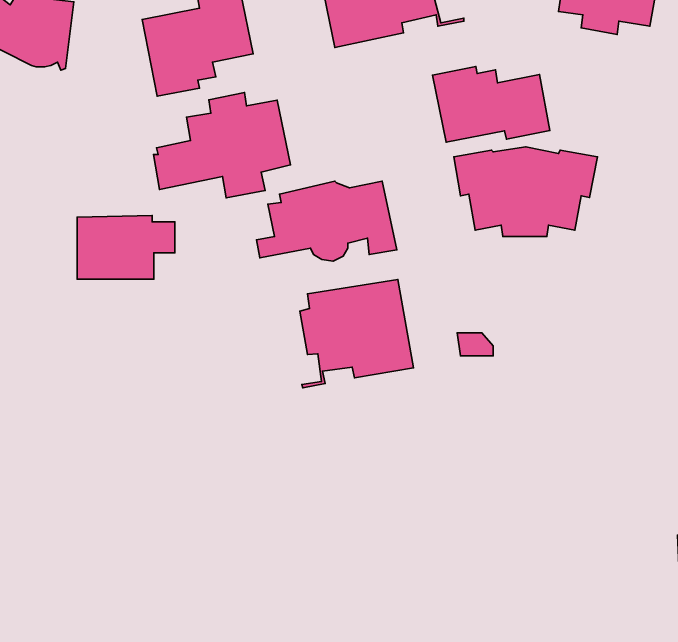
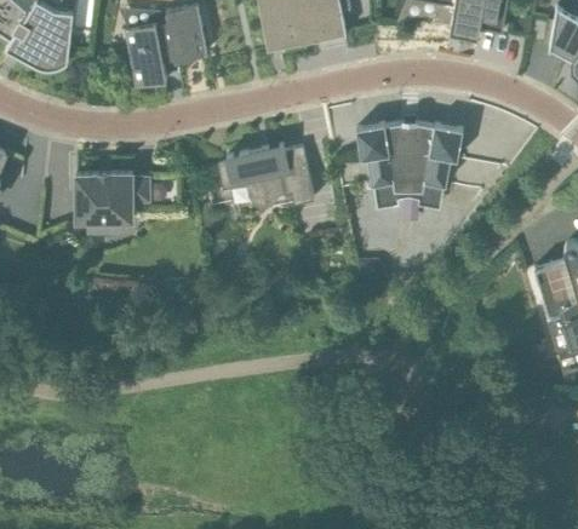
building: [432,66,550,142] -> none
building: [153,93,290,198] -> none
building: [300,279,414,388] -> none

